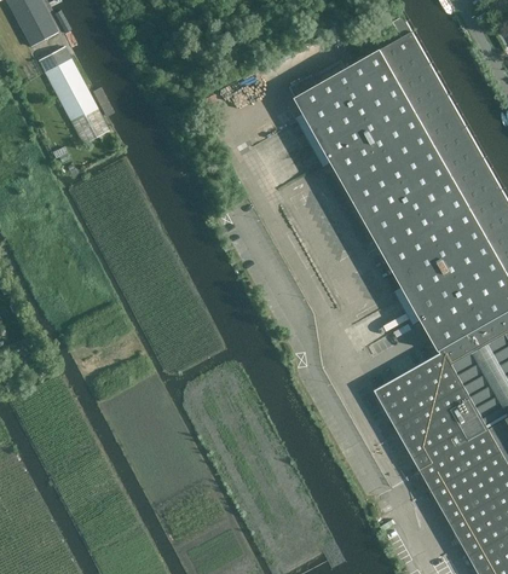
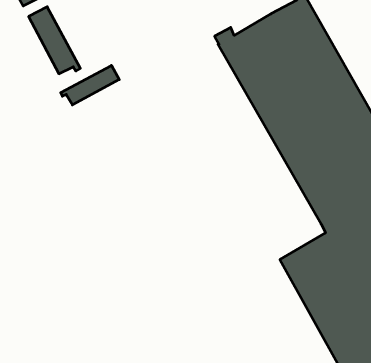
building: none -> [61,65,119,105]

